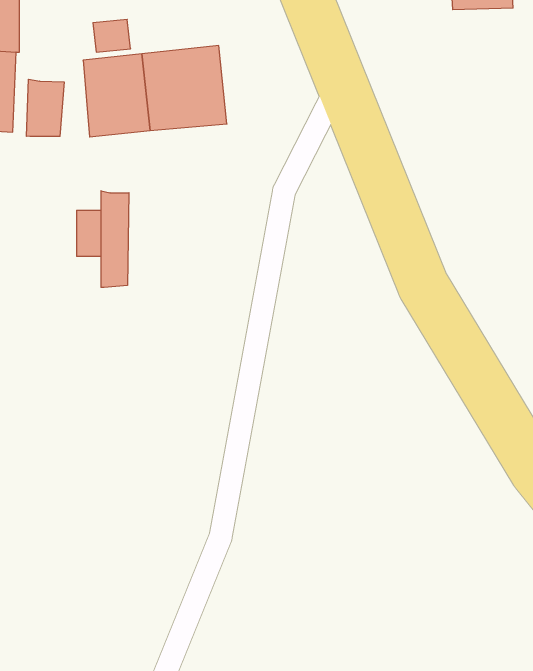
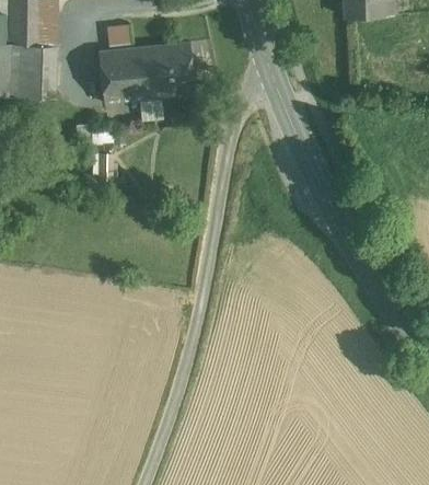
building: [26,79,64,136] -> none
building: [101,191,129,287] -> none

